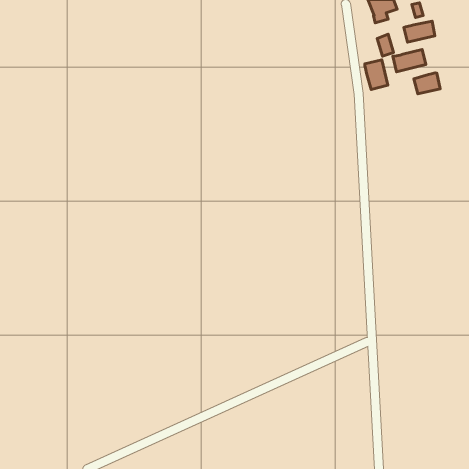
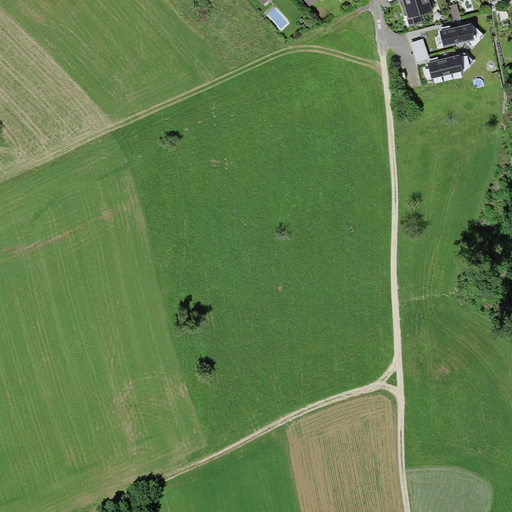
building: [365,60,388,90] -> none
building: [414,73,440,94] -> none

